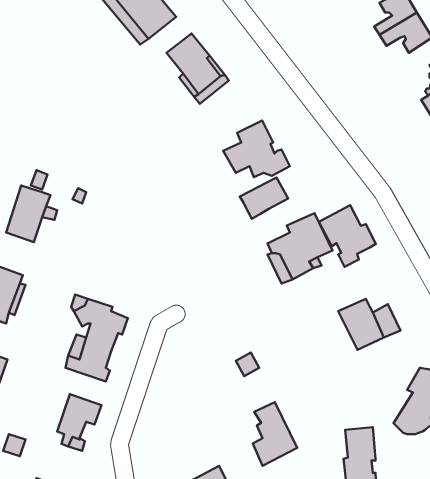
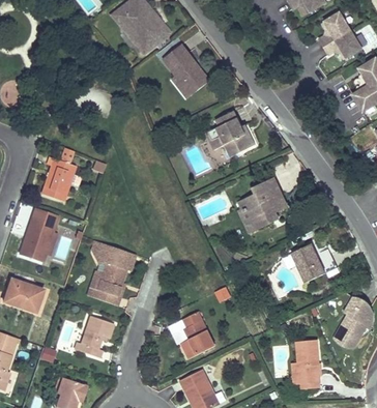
building: [240,177,288,219] -> none
building: [319,205,376,267] -> none
building: [253,402,297,466] -> [181,311,214,358]

